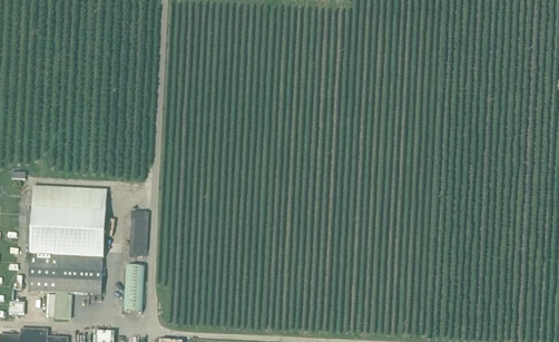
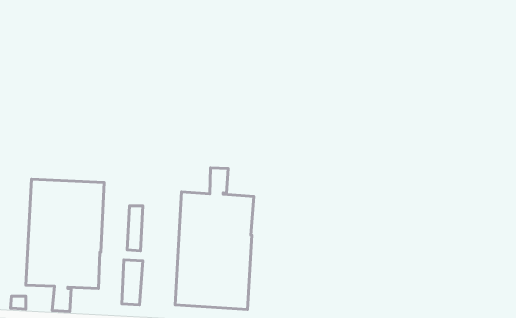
building: none -> [175,168,254,310]

